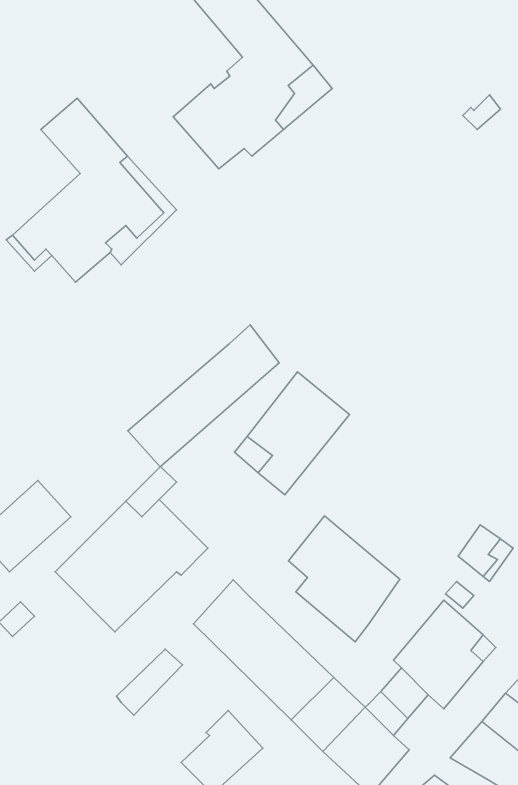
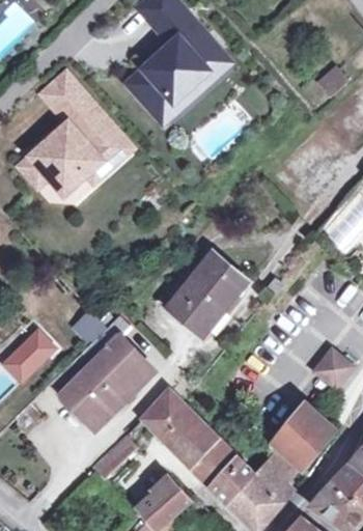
building: [128,325,279,467] -> none
building: [288,516,400,642] -> none

